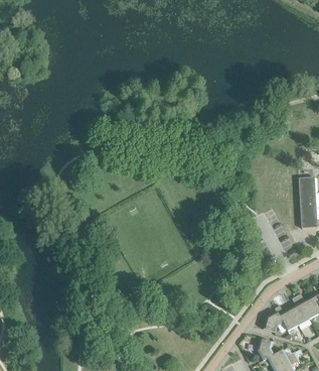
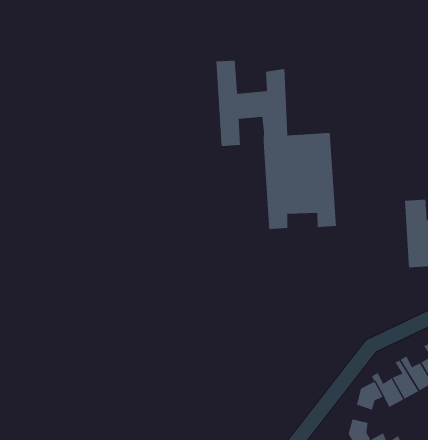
building: none -> [216,60,336,230]

